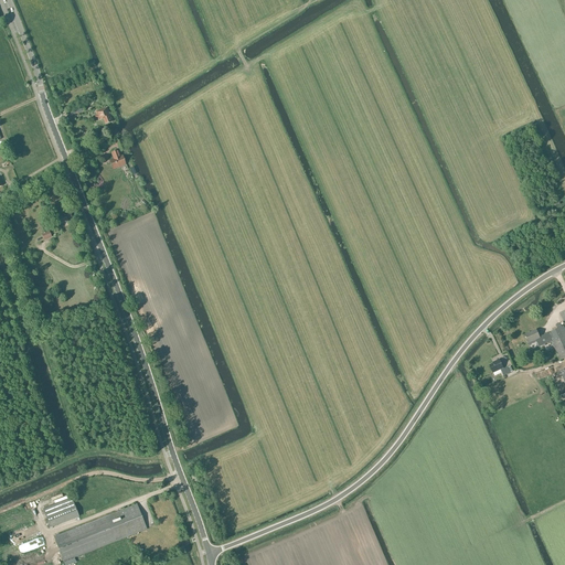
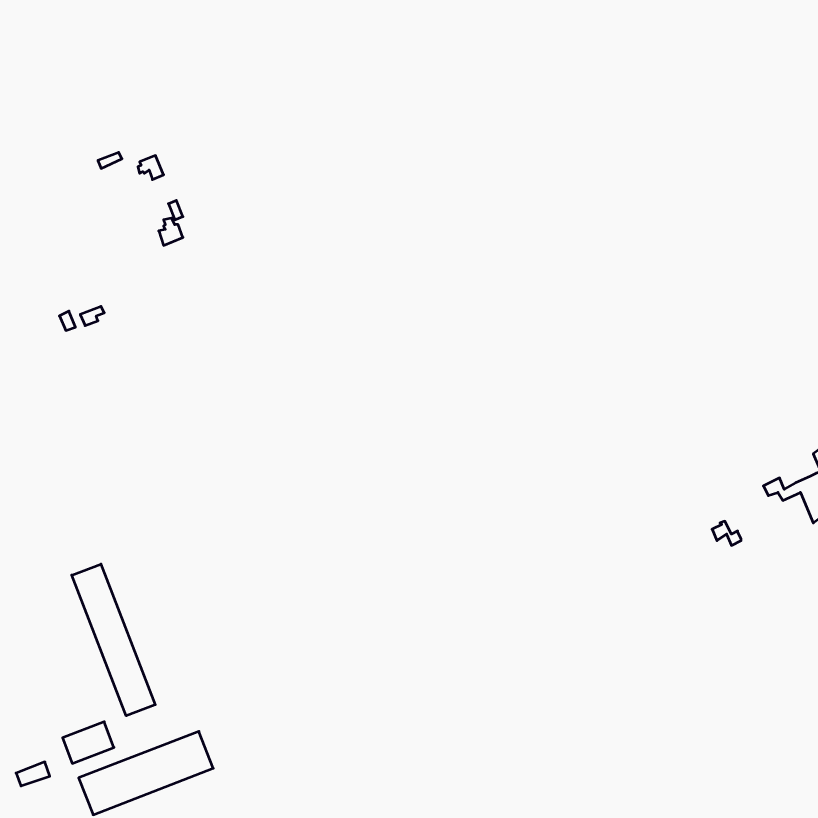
building: none -> [72,564,155,716]

